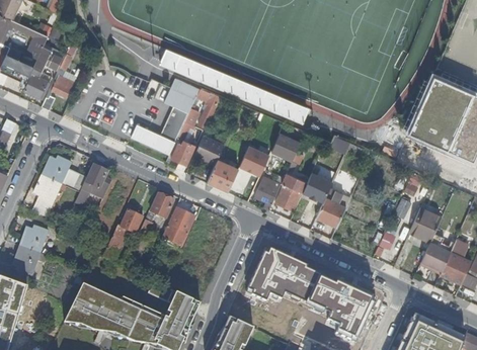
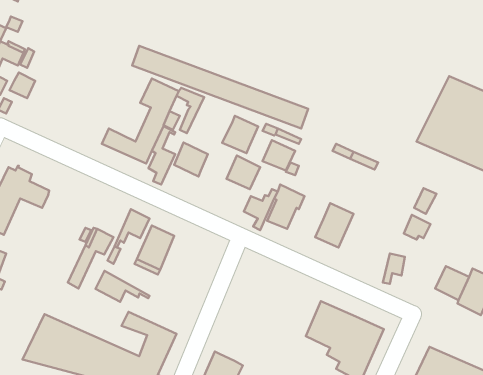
building: [207,159,238,191] -> [222,116,258,153]
building: [75,164,111,203] -> none
building: [303,172,332,201] -> none
building: [409,207,442,242] -> none
building: [245,245,322,302] -> none
building: none -> [96,271,149,302]

